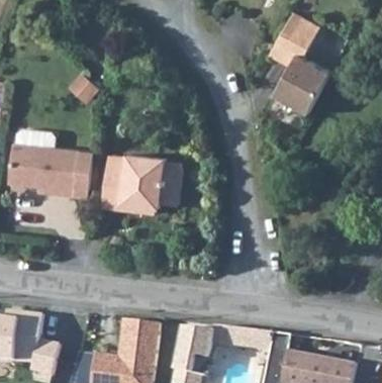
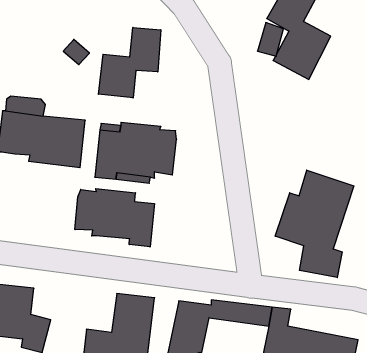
building: none -> [98,27,161,98]
building: none -> [275,170,354,278]
building: none -> [75,189,154,247]

